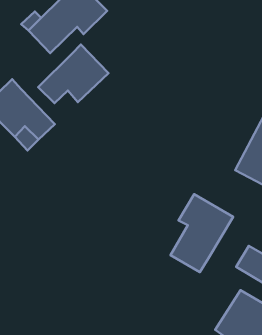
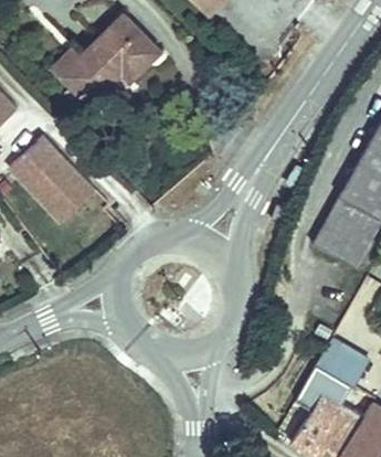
building: [38,45,109,103] -> none
building: [170,194,233,272] -> none

